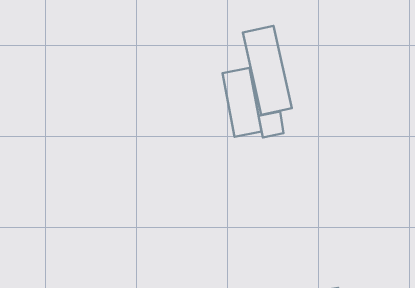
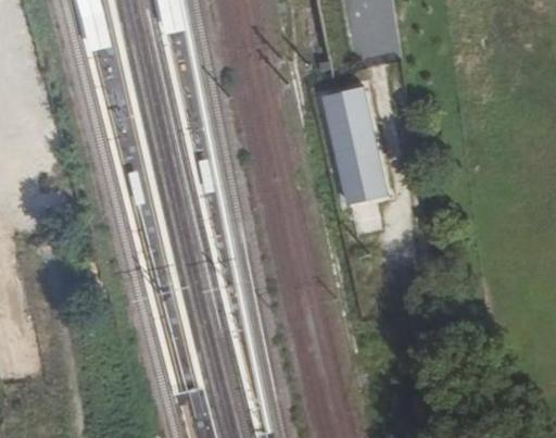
building: [222,68,262,137] -> none

